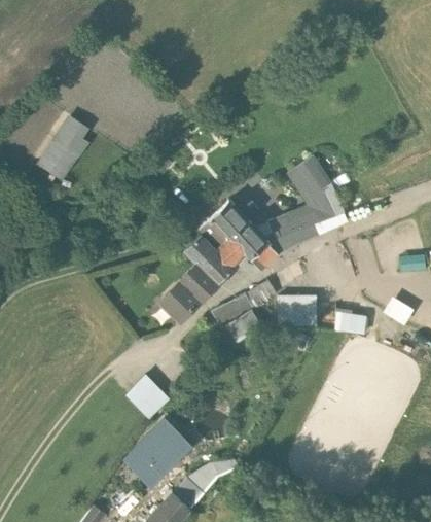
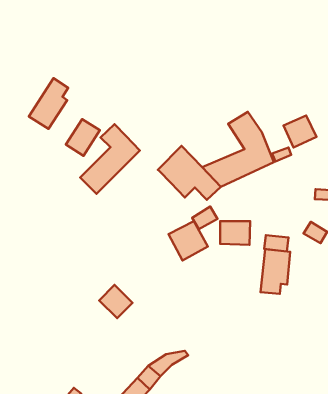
building: none -> [284,115,316,147]
building: none -> [66,119,100,156]
building: [159,233,235,320] -> [80,124,140,194]
building: none -> [261,249,290,294]
building: [125,418,191,484] -> none

